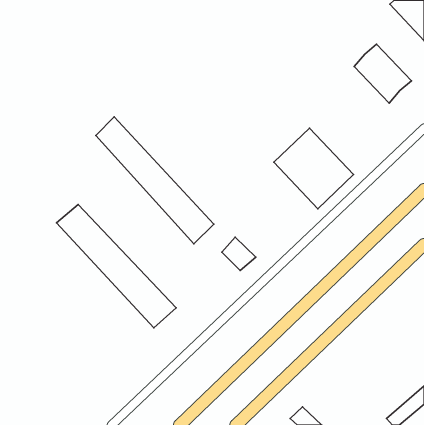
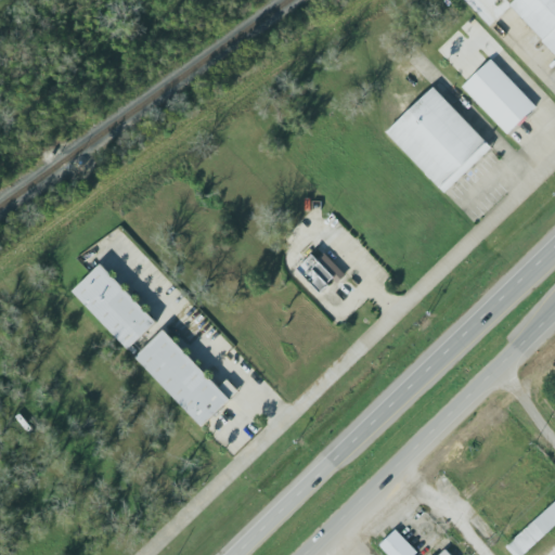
building: [96,117,214,244] -> none
building: [274,128,354,209] -> [384,86,488,191]
building: [222,237,256,270] -> [299,249,344,293]

